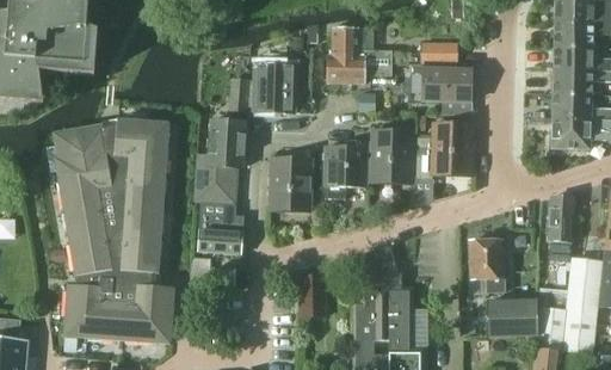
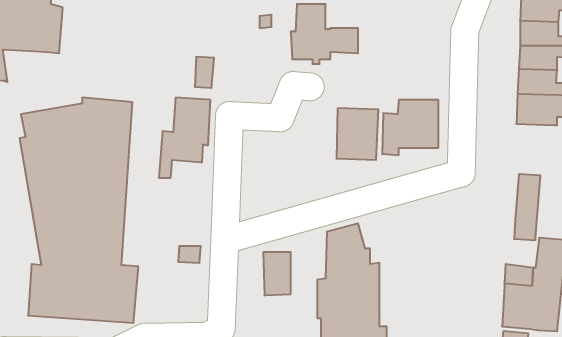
building: [421,42,458,61] -> none
building: [253,61,295,111] -> none
building: [413,66,471,98] -> none
building: [325,138,368,196] -> none
building: [270,155,311,208] -> none
building: [197,198,243,251] -> none
building: [471,238,505,291] -> none
building: [489,298,536,334] -> none

